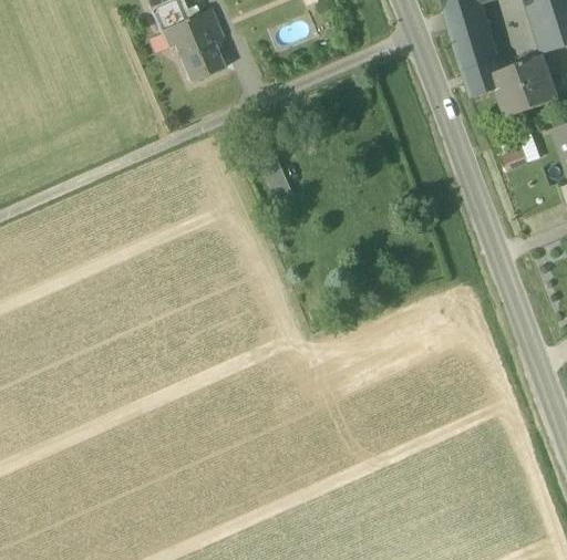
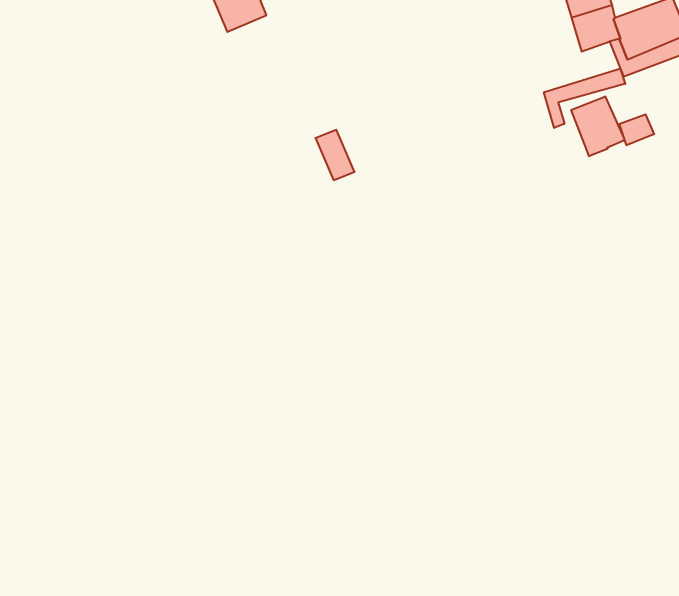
building: none -> [544,69,625,128]
building: none -> [571,96,624,156]

